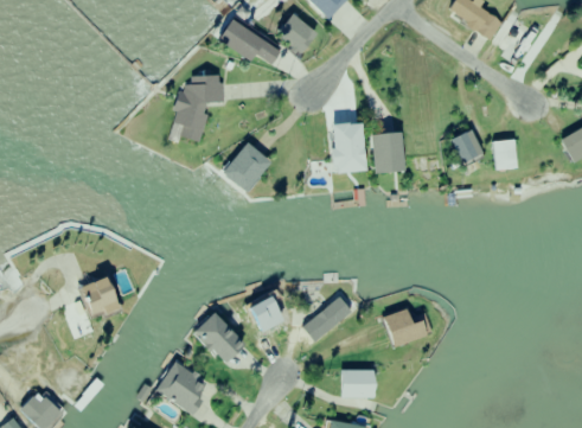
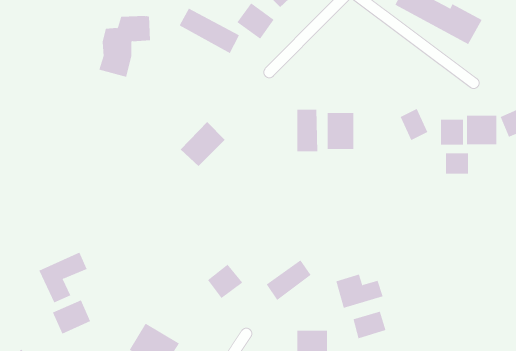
building: [168,75,225,142] -> [99,16,151,78]
building: none -> [466,115,497,145]
building: none -> [445,152,468,174]
building: [193,312,244,362] -> none
building: none -> [52,299,91,335]
building: none -> [353,311,386,339]

